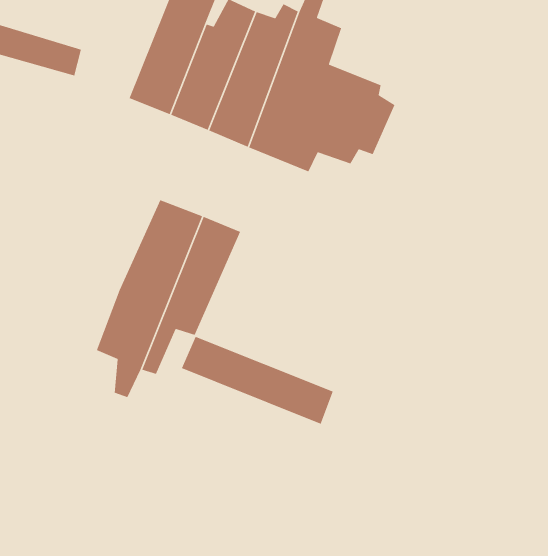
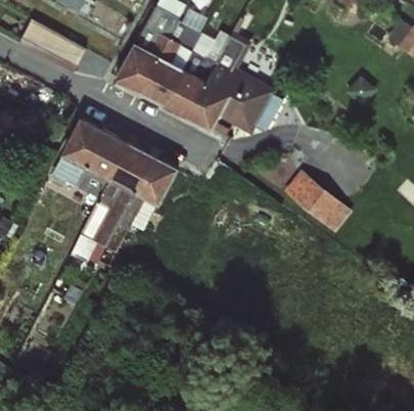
building: none -> [48,119,127,197]
building: none -> [285,168,354,230]
building: [181,336,334,425] -> none

